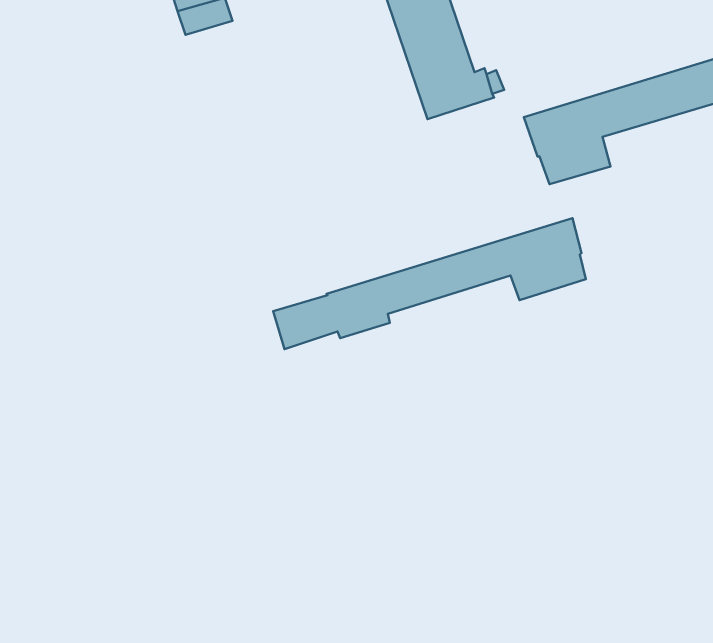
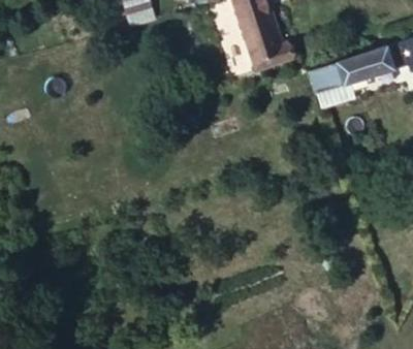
building: [273,218,586,349] -> none

